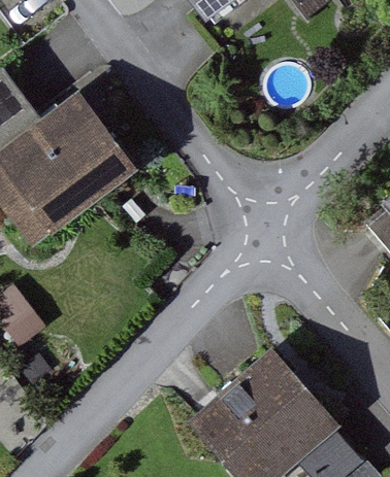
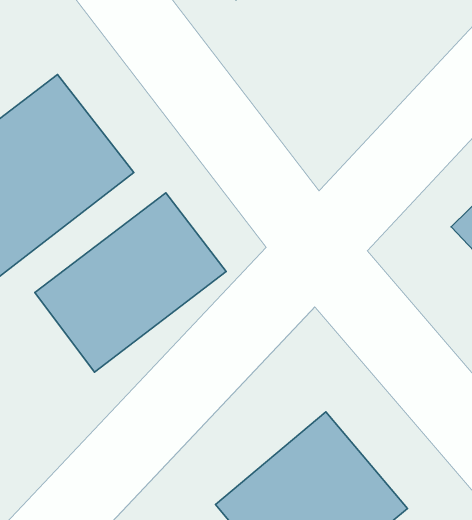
building: none -> [35,193,226,372]

